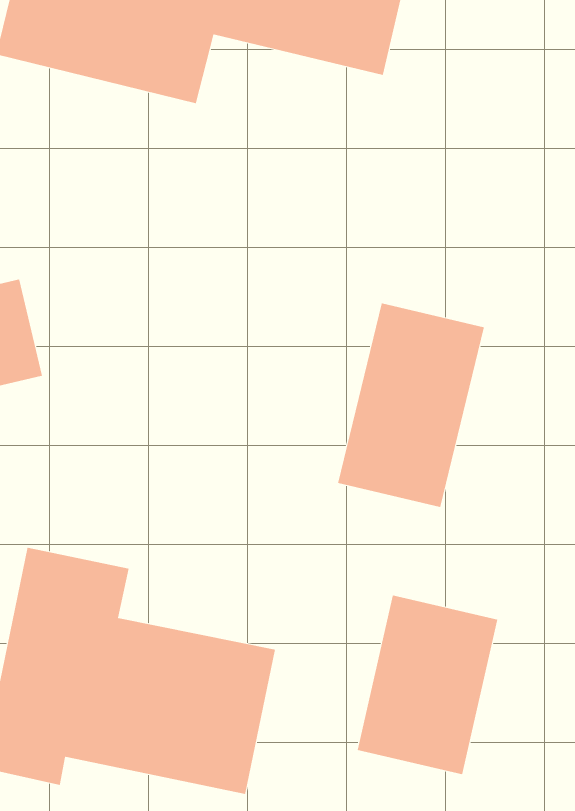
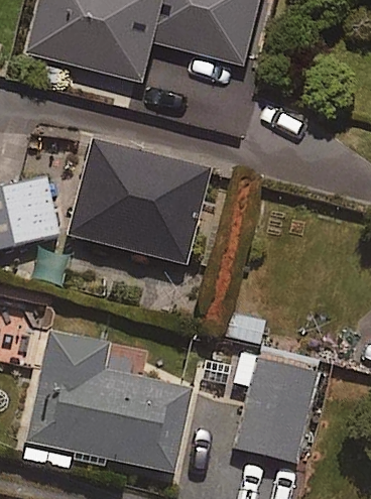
building: none -> [68,141,206,262]
building: [338,302,485,508] -> none

